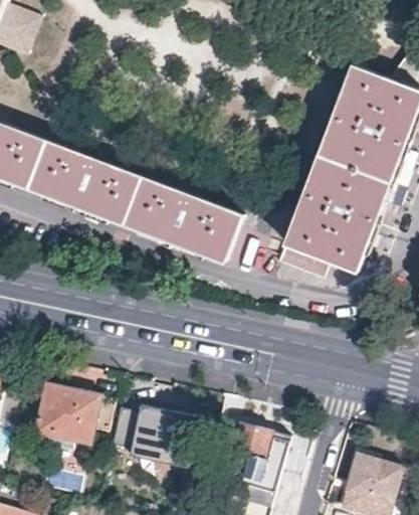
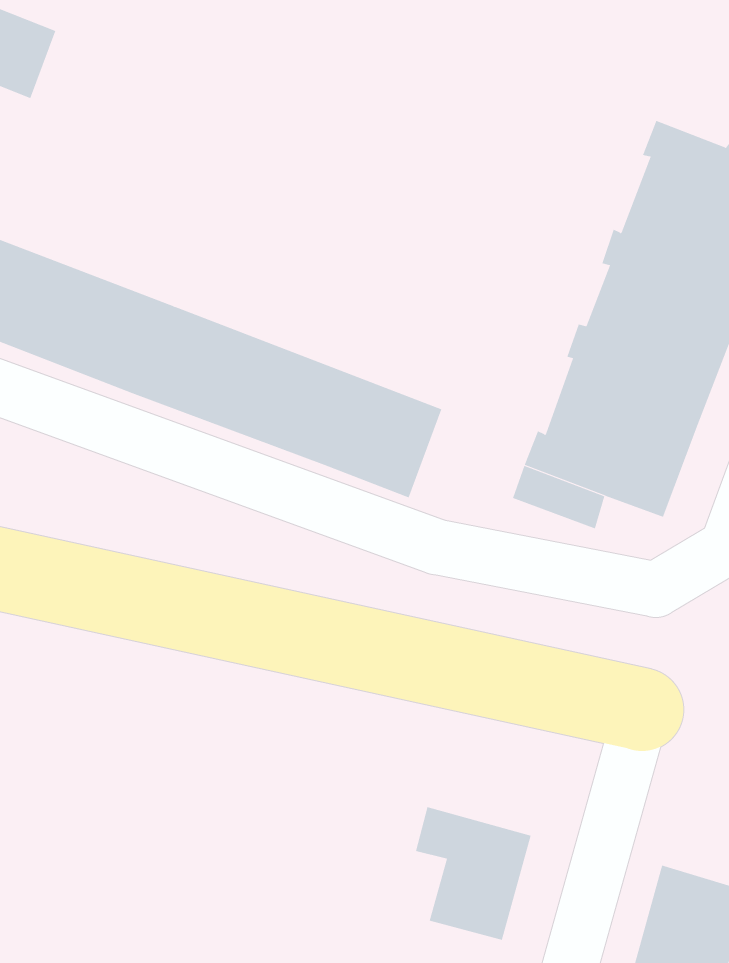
building: [38,383,101,443] -> none
building: [110,401,200,464] -> none

